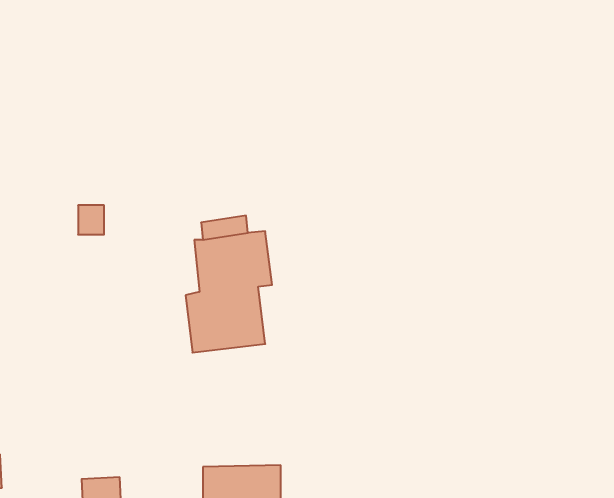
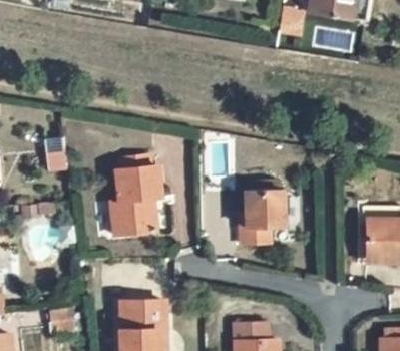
building: none -> [239,190,284,245]

